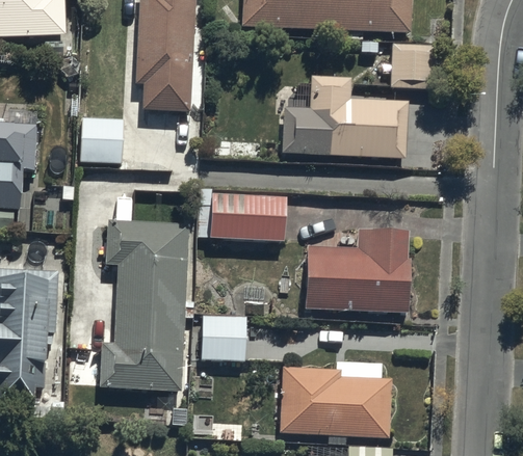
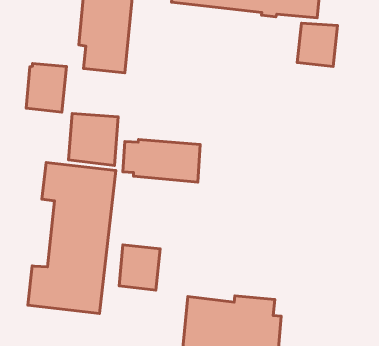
building: [280,77,409,160] -> none
building: none -> [69,114,118,165]
building: [303,225,410,311] -> none

